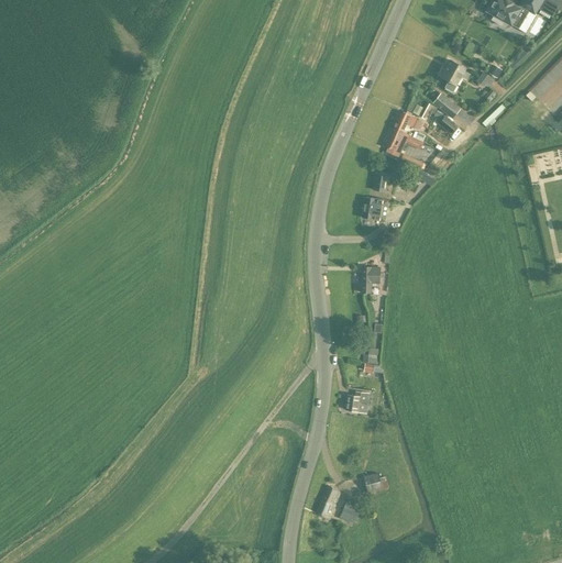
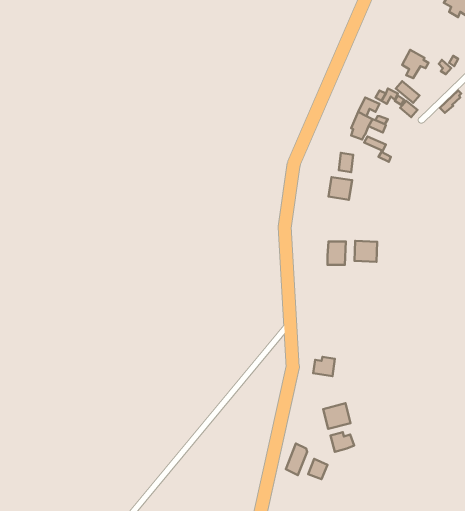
building: none -> [354,241,377,262]
building: none -> [323,403,351,429]

